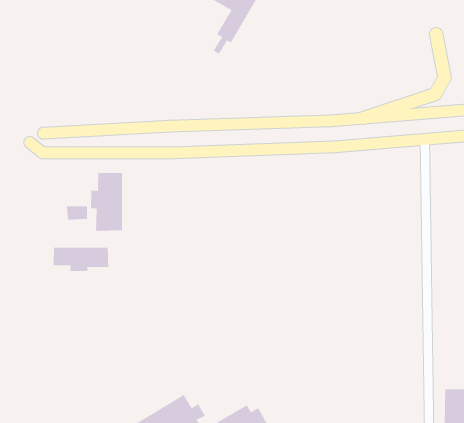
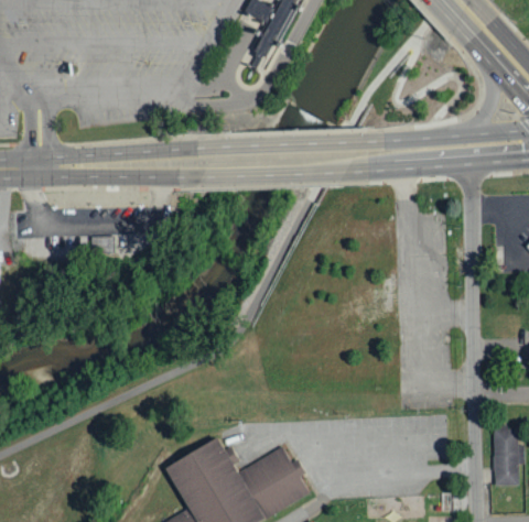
building: [90,172,123,231] -> none
building: [53,247,109,272] -> none

